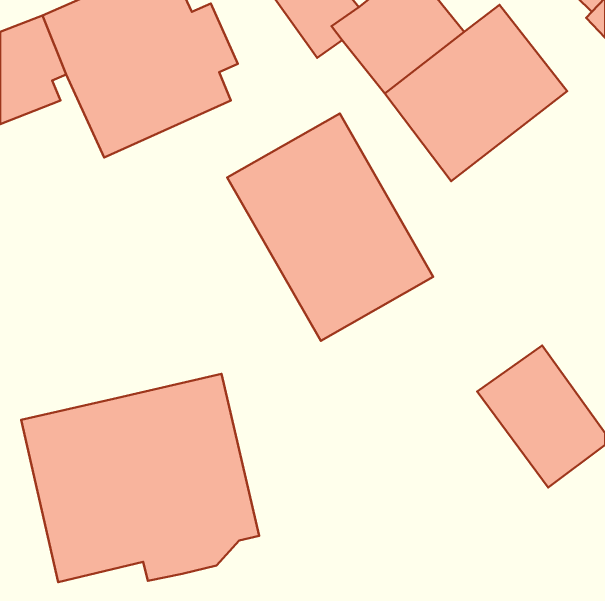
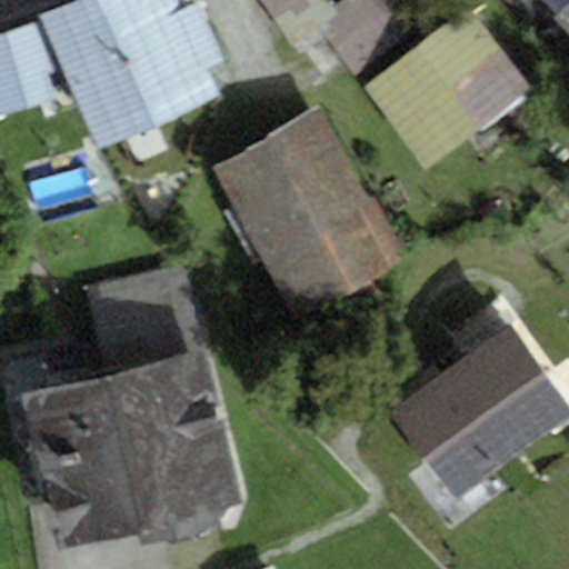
building: none -> [87,261,208,375]
building: none -> [388,368,515,501]

